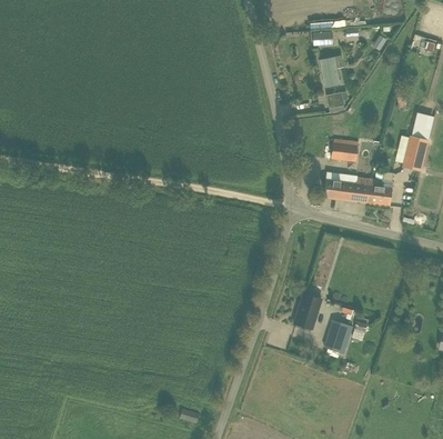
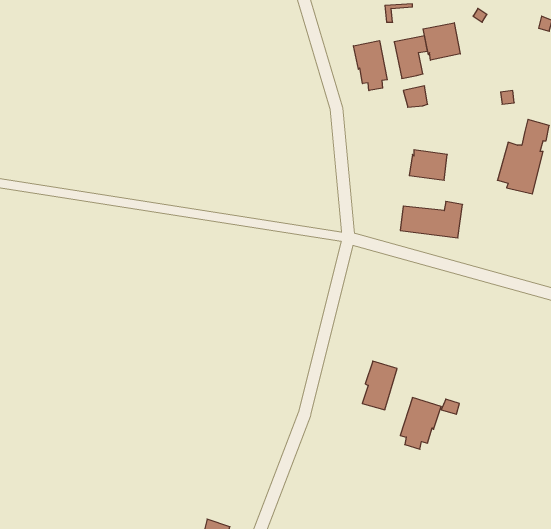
building: none -> [423,23,460,60]
building: none -> [353,41,387,91]
building: [365,178,392,204] -> none

